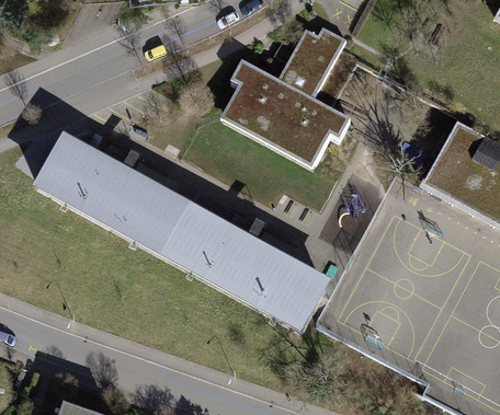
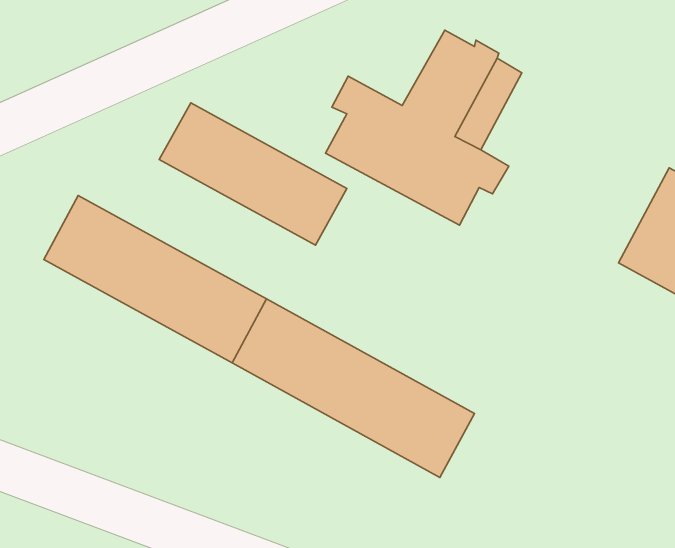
building: none -> [159,103,347,245]

